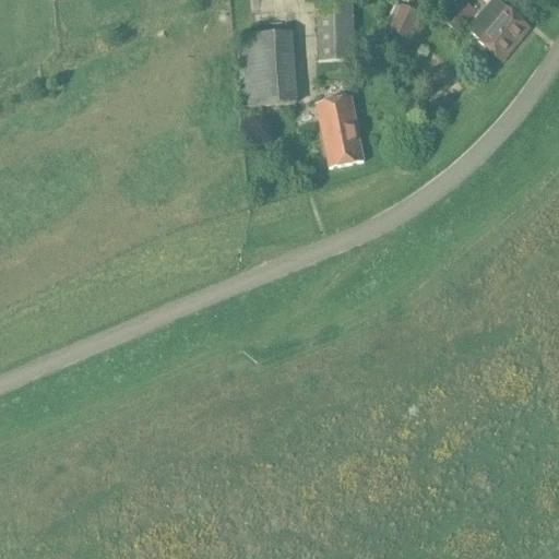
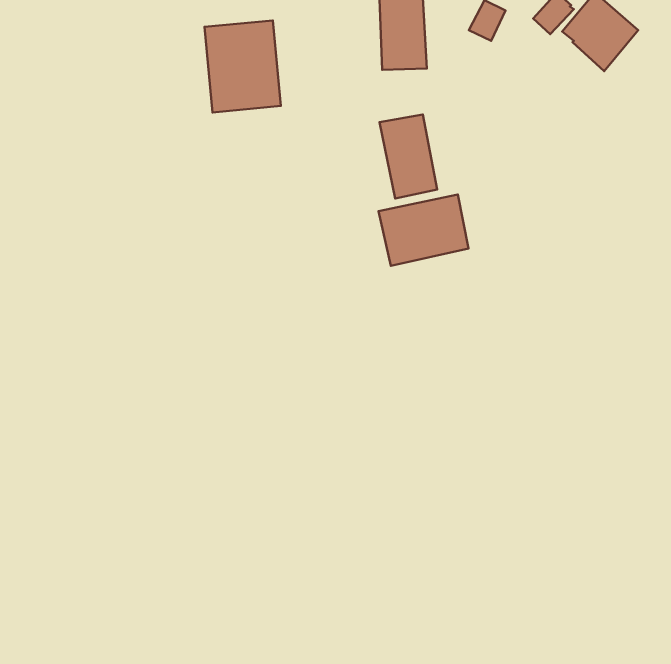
building: [236,27,299,104] -> [205,20,281,112]
building: none -> [378,195,468,266]

